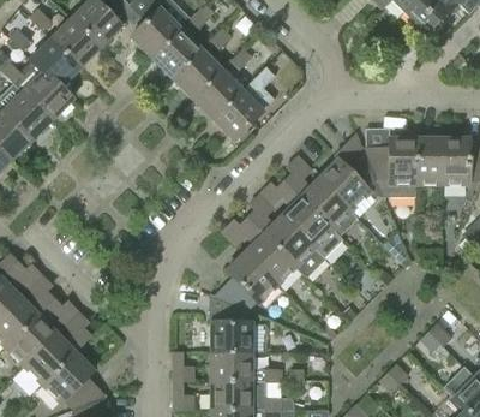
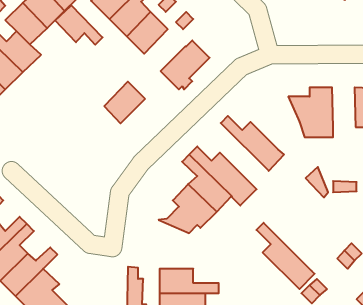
building: none -> [55,5,103,45]
building: [193,68,241,118] -> [104,82,145,123]
building: [318,133,376,210] -> none
building: [414,137,442,184] -> none
building: [275,179,343,257] -> [256,223,315,289]
building: [210,293,251,351] -> none

